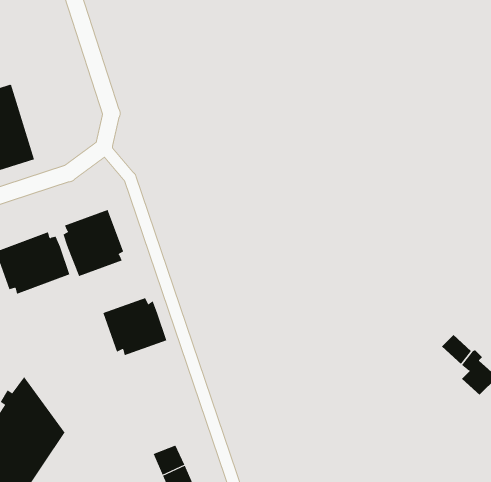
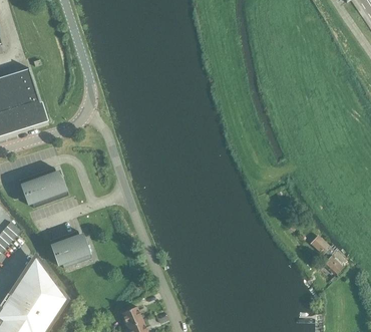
building: [63,209,124,277] -> none
building: [103,297,167,356] -> [48,230,90,268]

